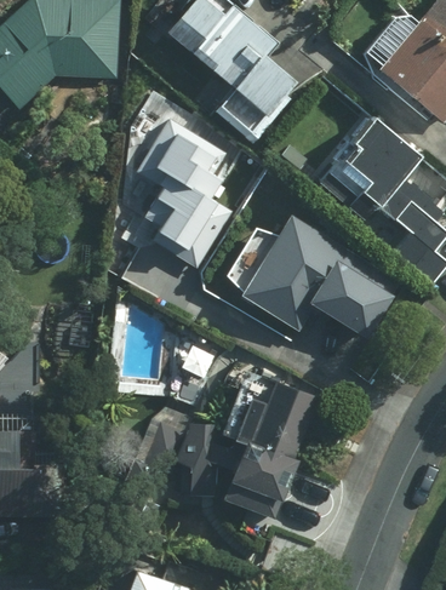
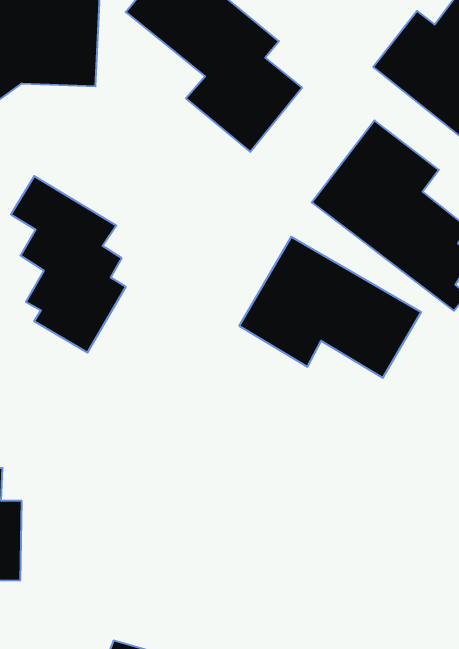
building: [128,105,230,262] -> [11,176,126,353]
building: [176,379,316,525] -> none

